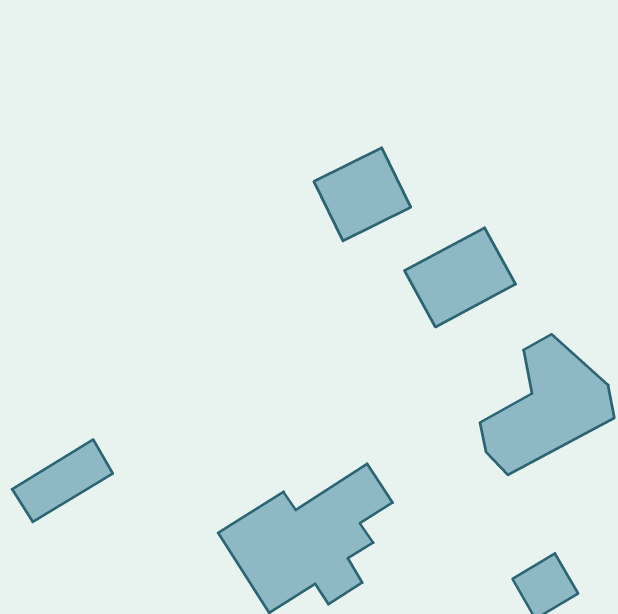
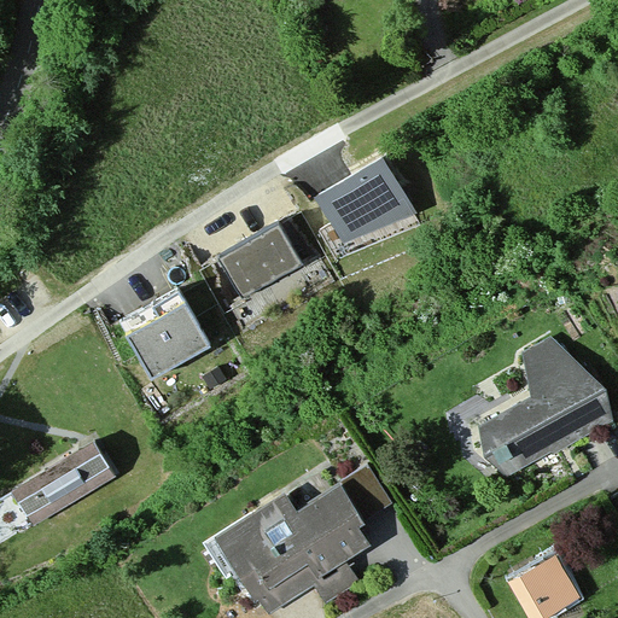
building: none -> [218,221,302,297]
building: [405,228,516,327] -> none
building: none -> [124,296,209,374]

